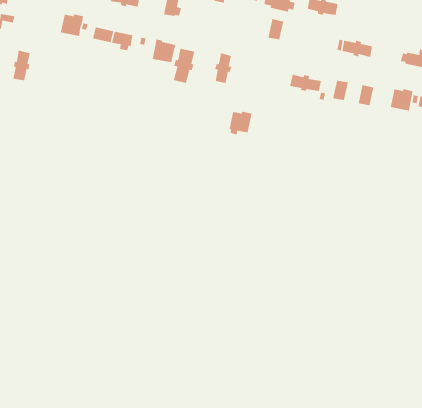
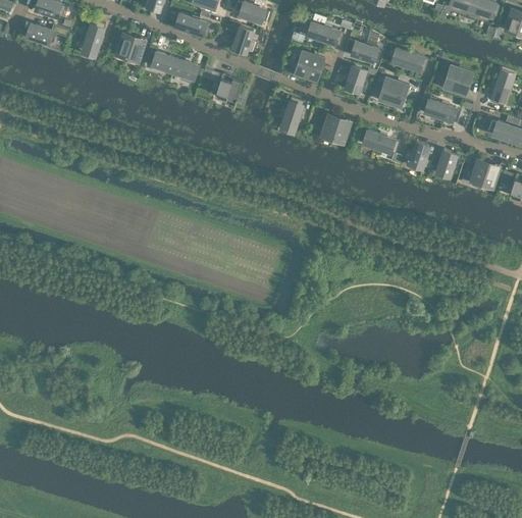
building: none -> [489,70,513,107]
building: none -> [443,66,471,95]
building: none -> [295,52,324,80]
building: none -> [378,79,408,106]
building: [173,48,195,84] -> none
building: [13,50,31,81] -> [82,19,105,55]
building: [228,111,252,135] -> [321,115,350,143]

